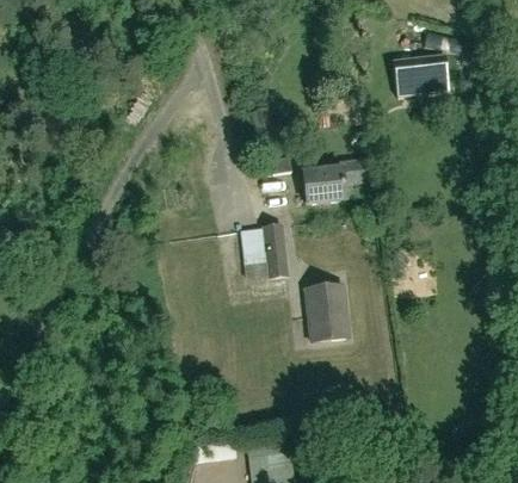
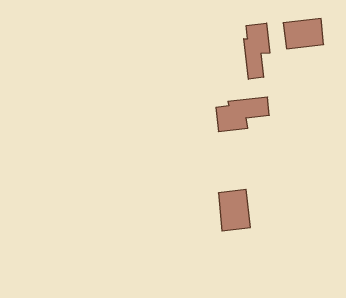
building: none -> [244,23,270,79]
building: [240,224,289,279] -> none

